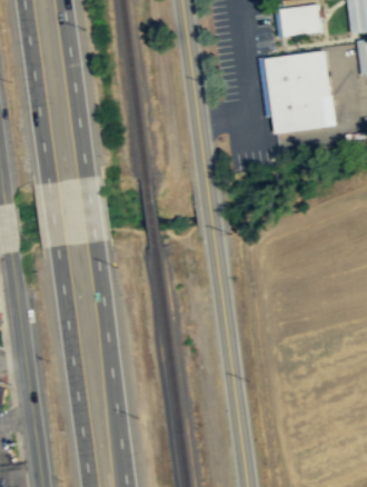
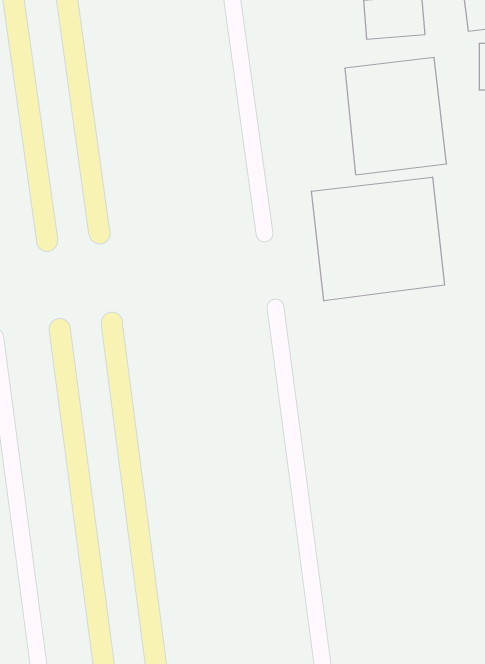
building: none -> [311,177,444,301]

